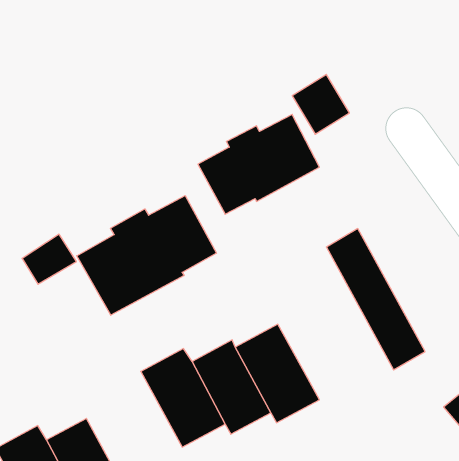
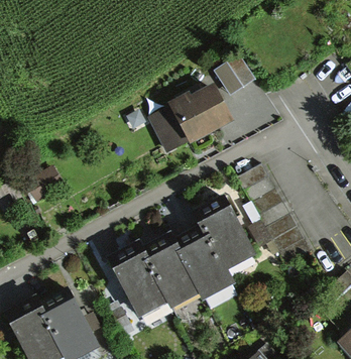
building: [77,196,216,315] -> none
building: none -> [201,203,256,268]

